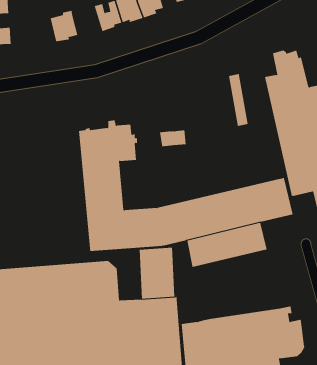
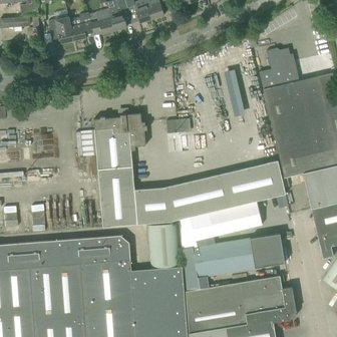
building: none -> [88,8,114,34]
building: none -> [48,17,73,43]
building: none -> [182,233,284,291]

